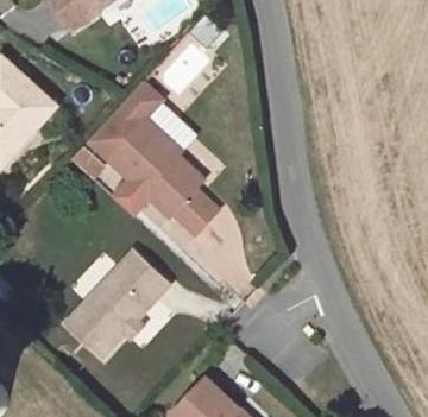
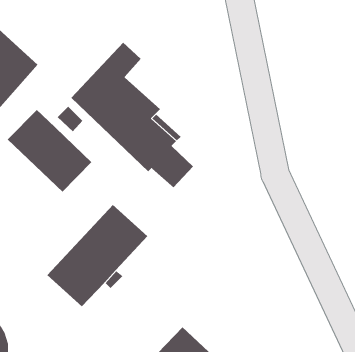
building: none -> [7,109,92,192]

